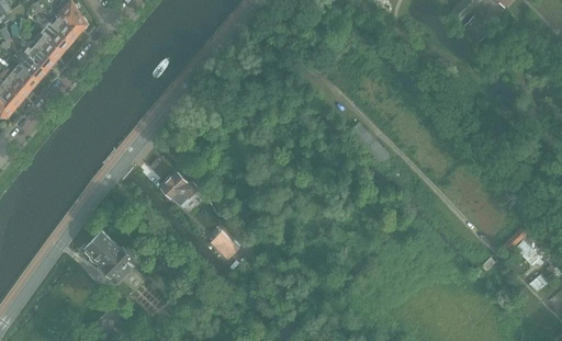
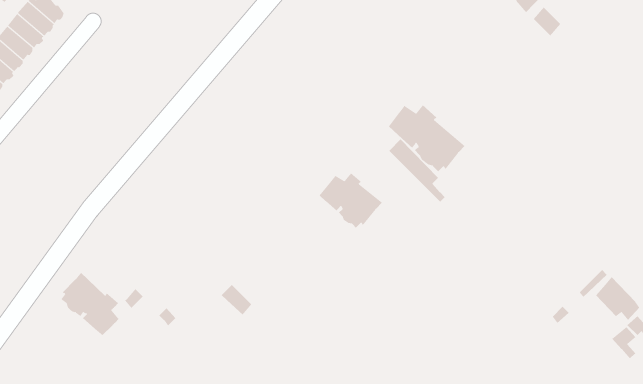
building: none -> [388,104,466,172]
building: none -> [319,172,383,228]
building: [161,171,200,207] -> none

